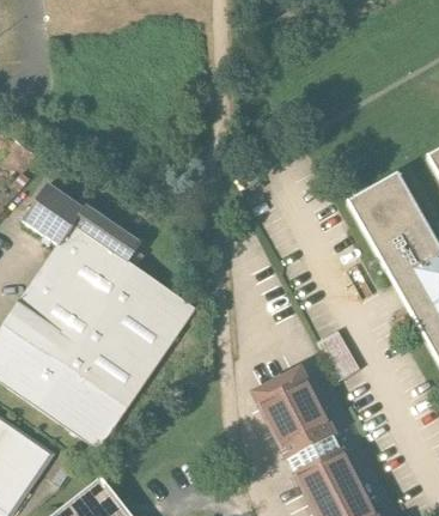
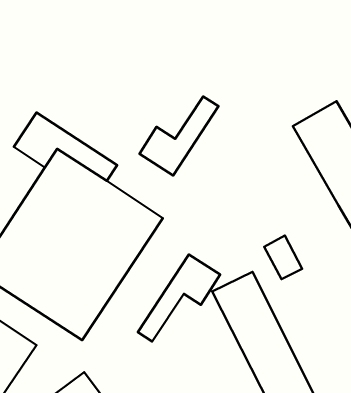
building: none -> [139,96,218,176]
building: none -> [138,254,220,341]

